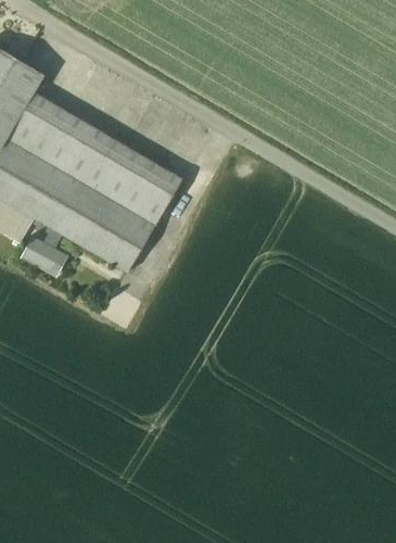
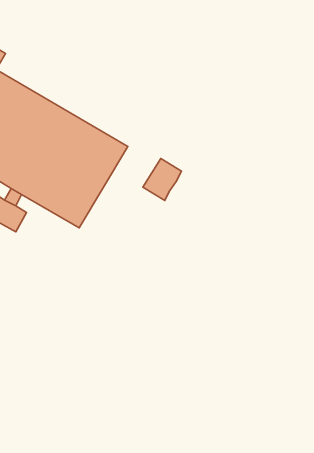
building: none -> [143,158,181,200]

